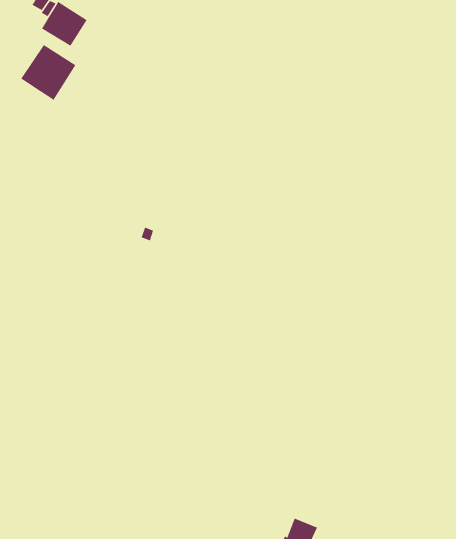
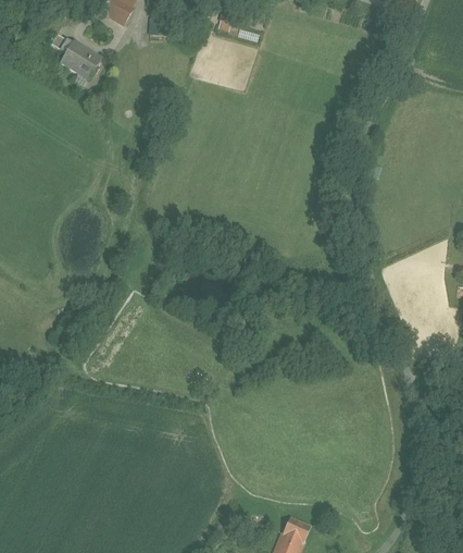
building: [20,44,76,101] -> none

